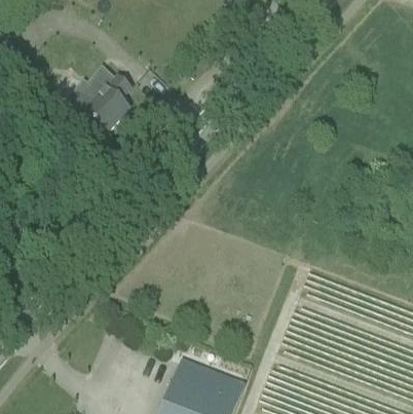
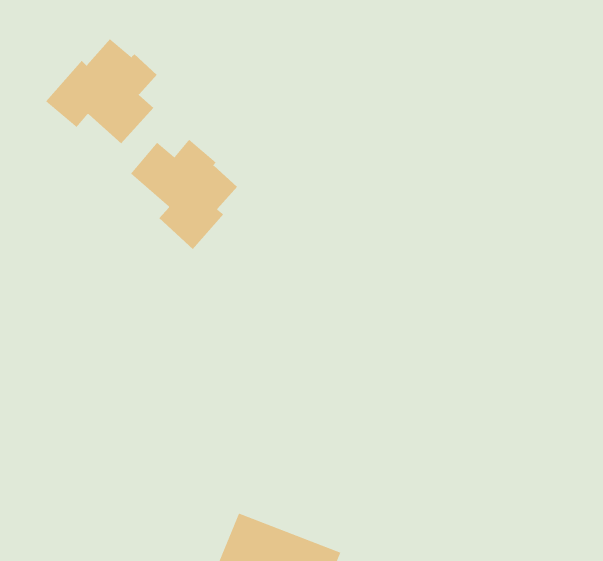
building: none -> [130,139,238,250]

